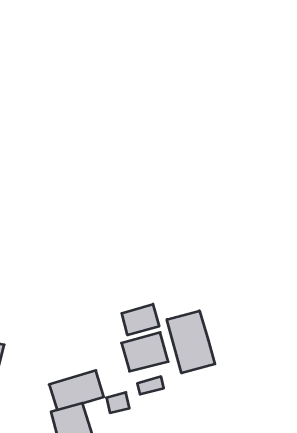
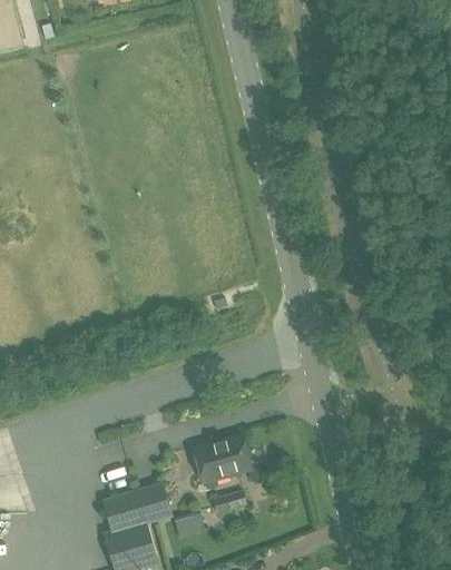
building: [122,304,159,335] -> none
building: [167,311,215,373] -> none

